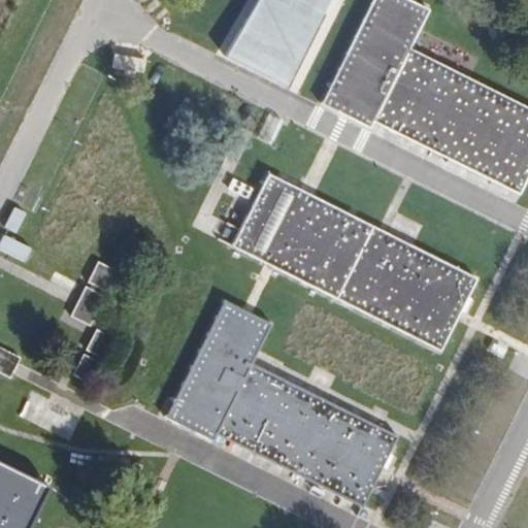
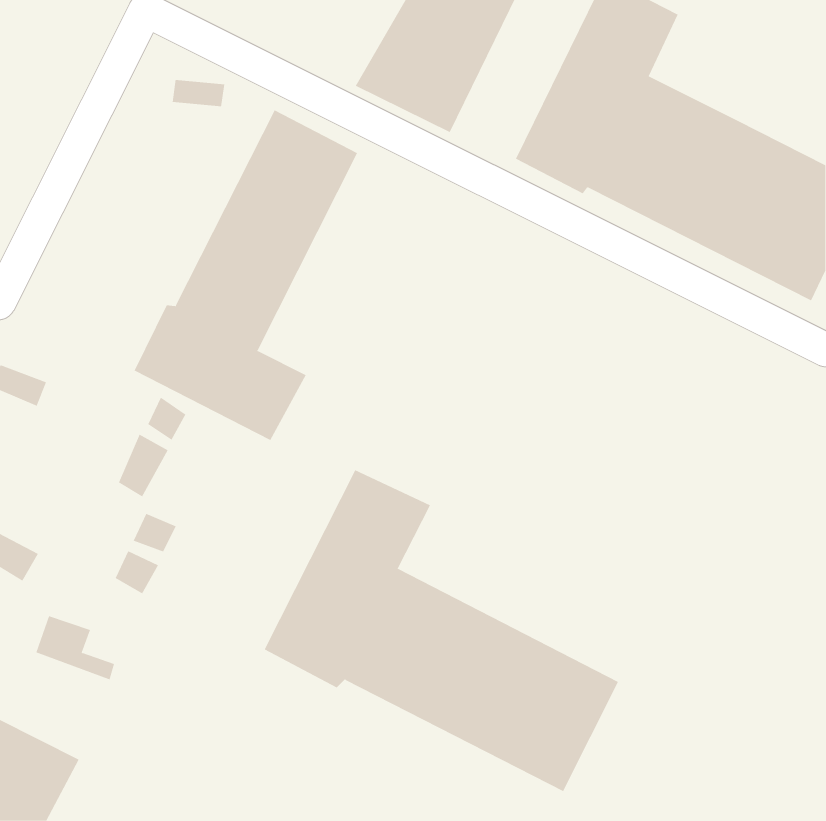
building: none -> [134,110,358,441]
building: [235,171,473,349] -> none

